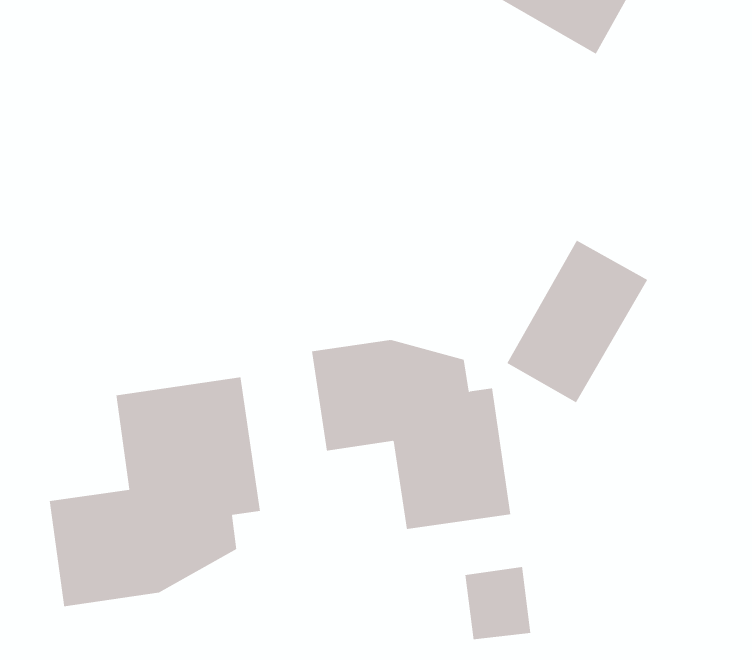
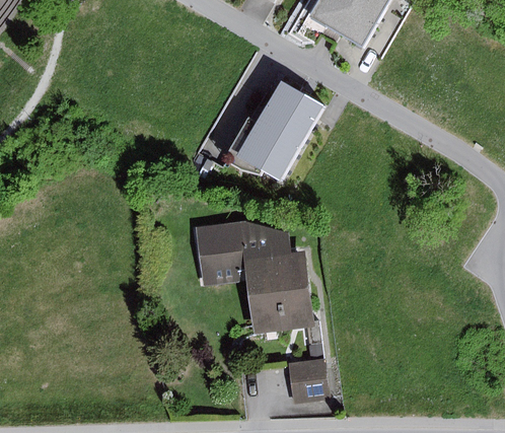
building: [507,240,648,403] -> [236,81,322,181]
building: [49,377,260,607] -> none

